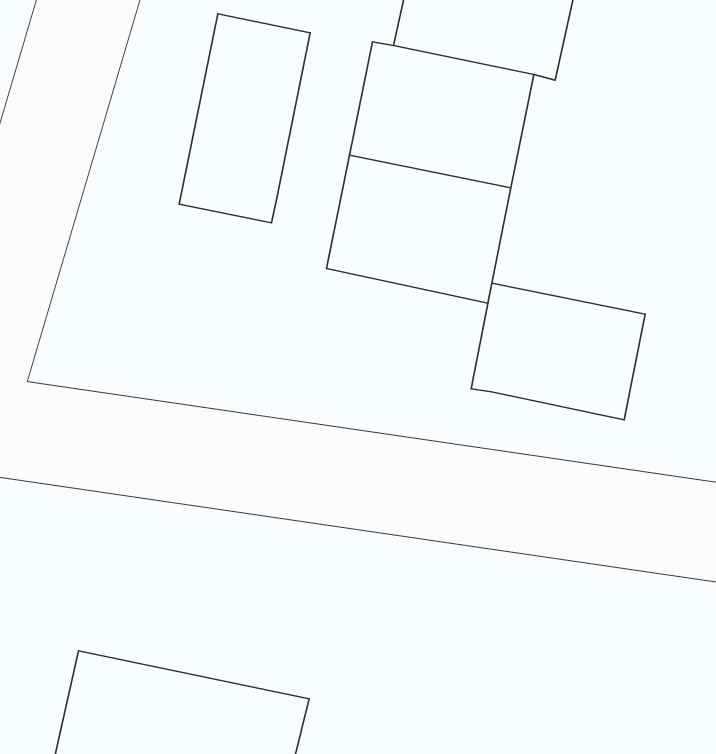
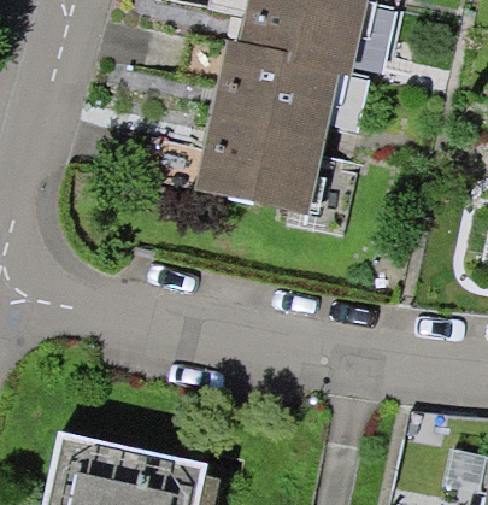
building: [179,14,310,223] -> none
building: [471,283,645,420] -> none

